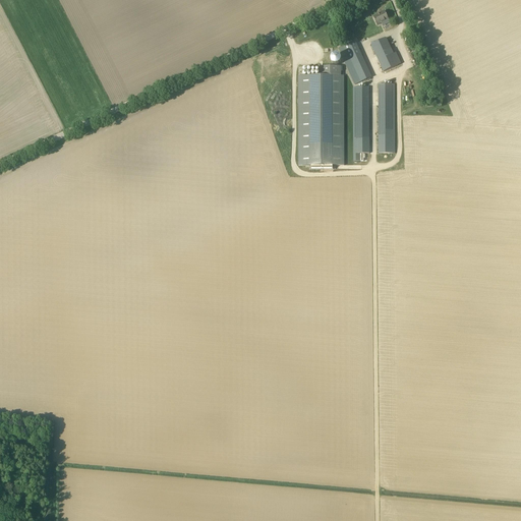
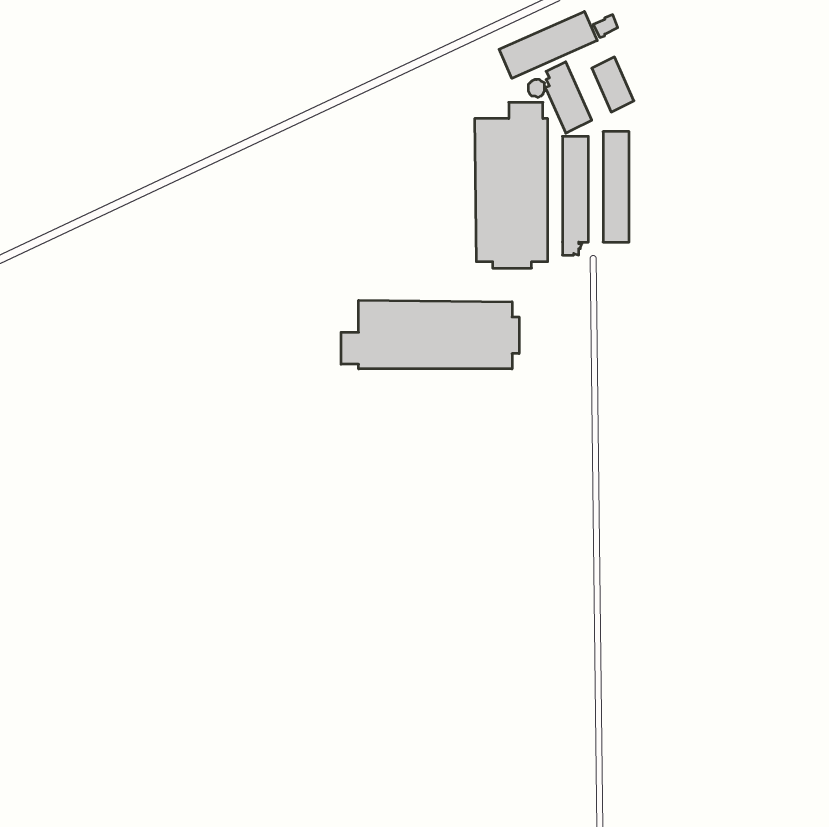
building: none -> [499,11,597,78]
building: none -> [341,300,519,369]

